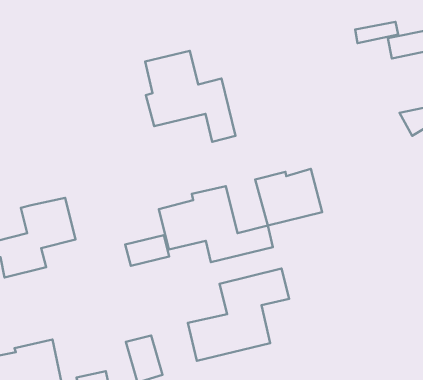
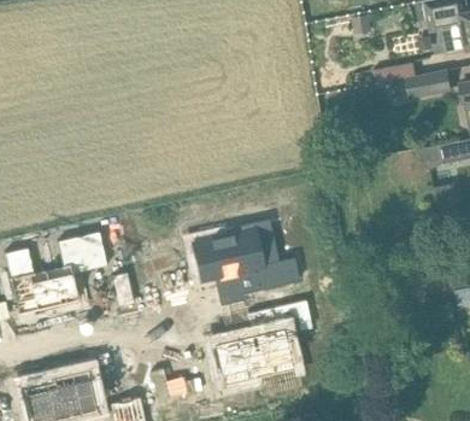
building: [145,51,236,142] -> none
building: [255,169,322,226] -> none
building: [125,235,169,266] -> none

